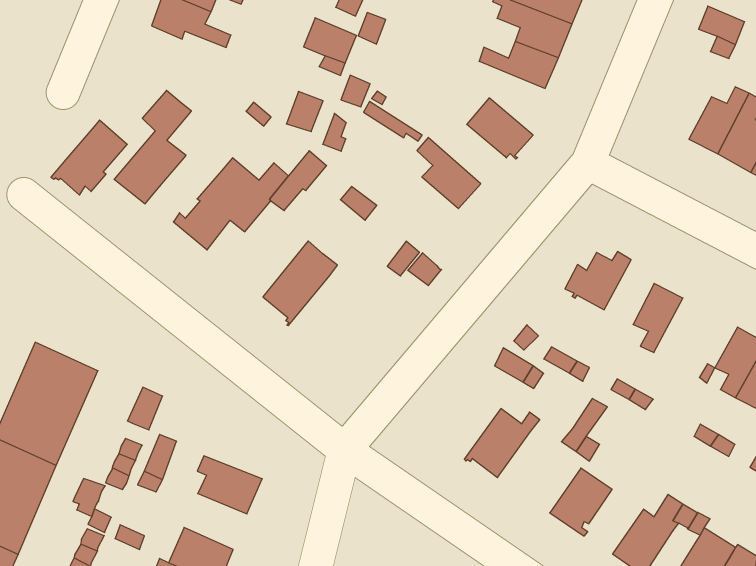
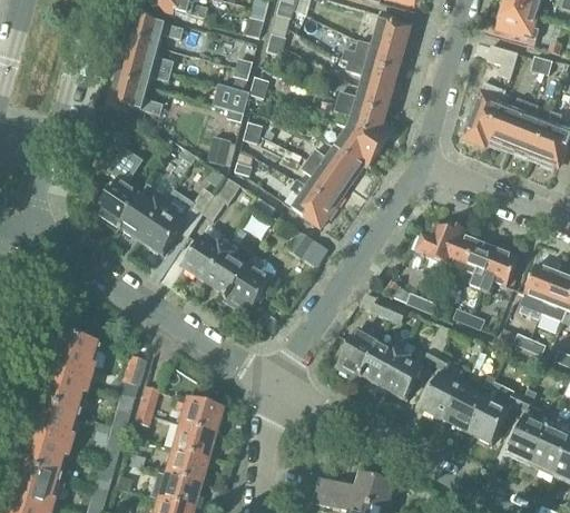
building: none -> [461,82,505,147]
building: none -> [334,102,391,149]
building: [51,120,127,195] -> [117,185,167,238]
building: none -> [307,147,362,187]
building: none -> [289,180,334,228]
building: none -> [183,234,233,283]
building: none -> [439,227,475,278]
building: none -> [226,255,276,315]
building: none -> [481,249,519,293]
building: none -> [337,329,380,378]
building: none -> [383,343,425,401]
building: none -> [445,387,487,432]
building: none -> [170,424,213,460]

